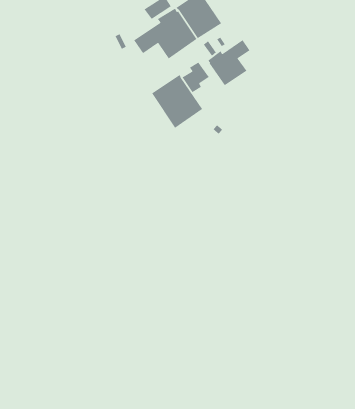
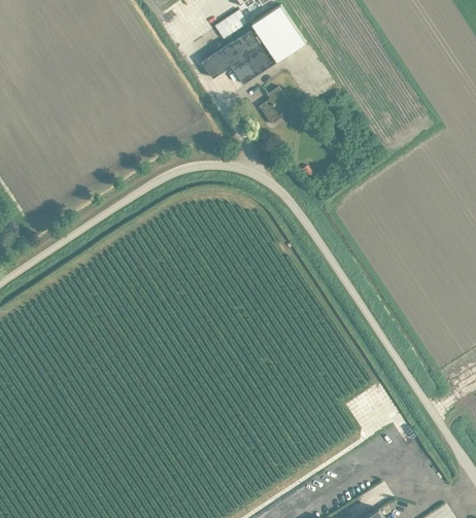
building: [207,39,251,86] -> none
building: [151,74,203,129] -> none

